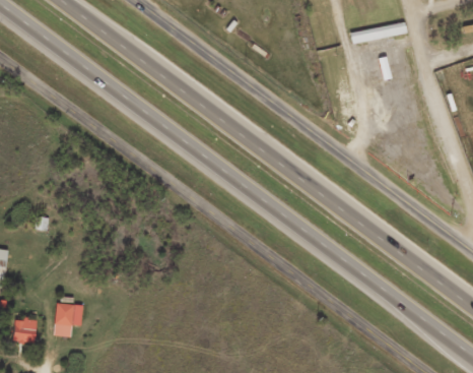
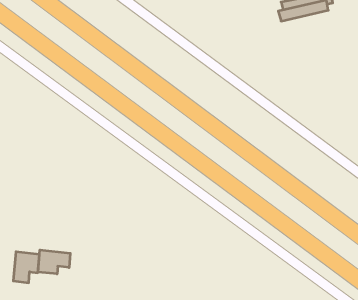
building: none -> [38,250,70,274]

